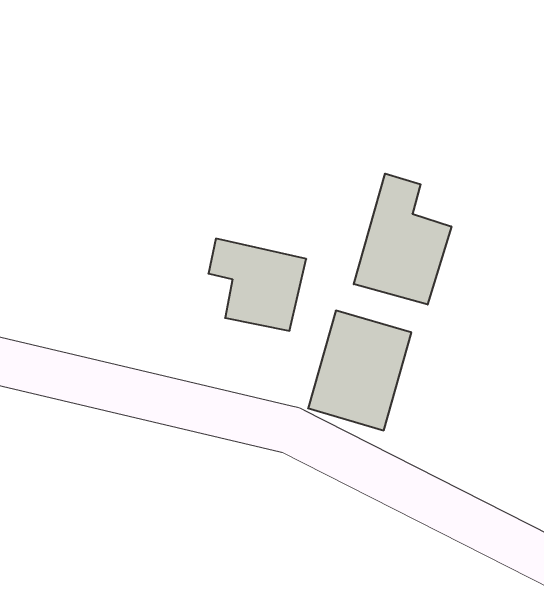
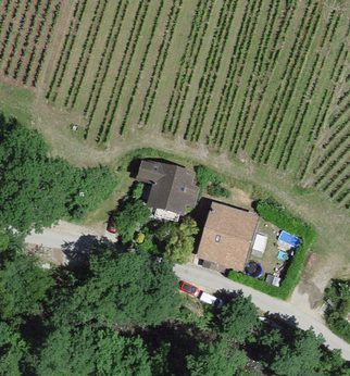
building: [354,174,451,305] -> none

